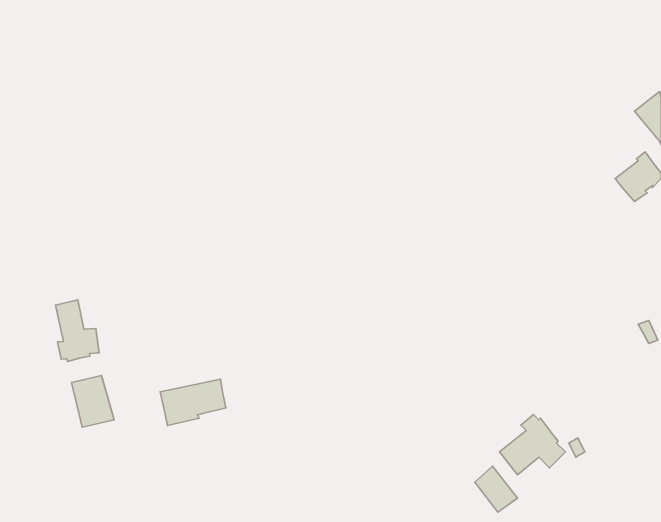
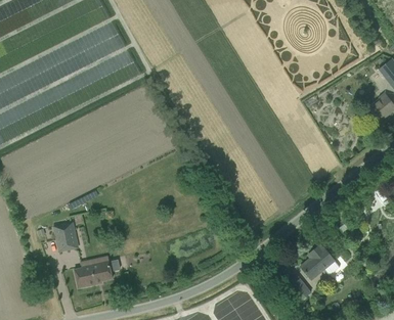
building: [55,300,99,361] -> none
building: [160,379,226,425] -> [74,261,112,287]

